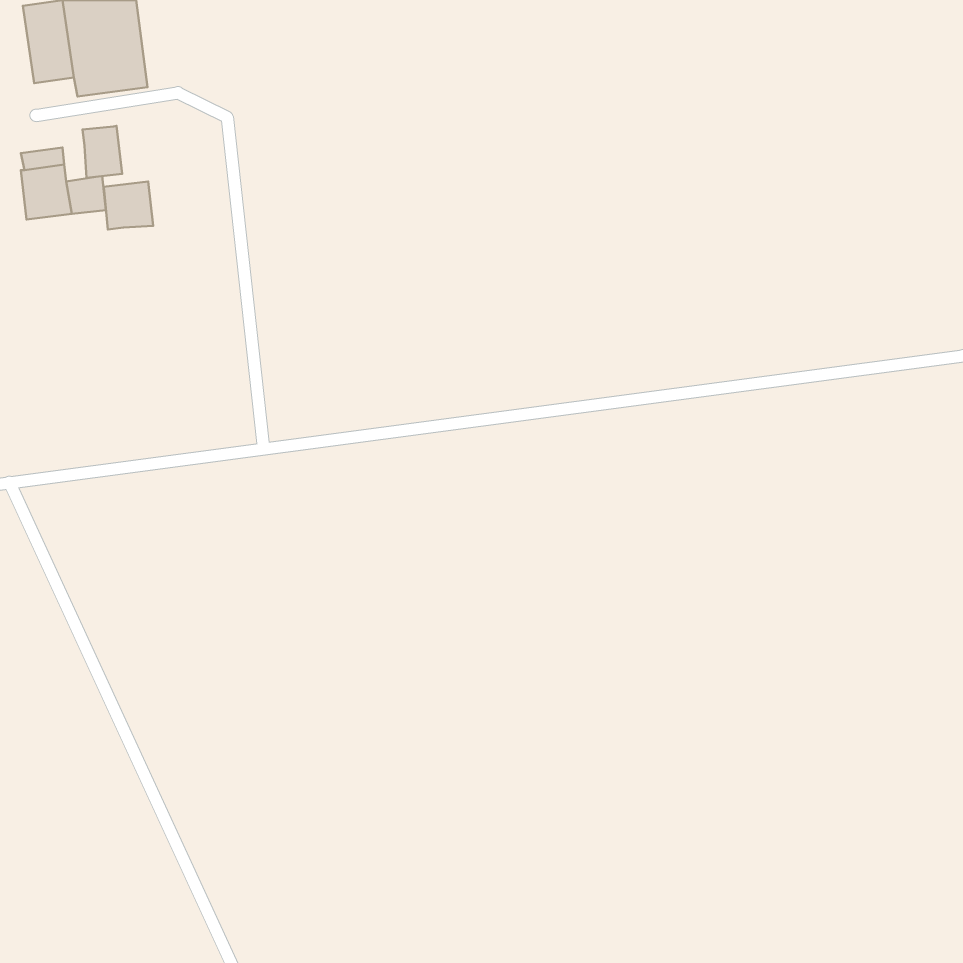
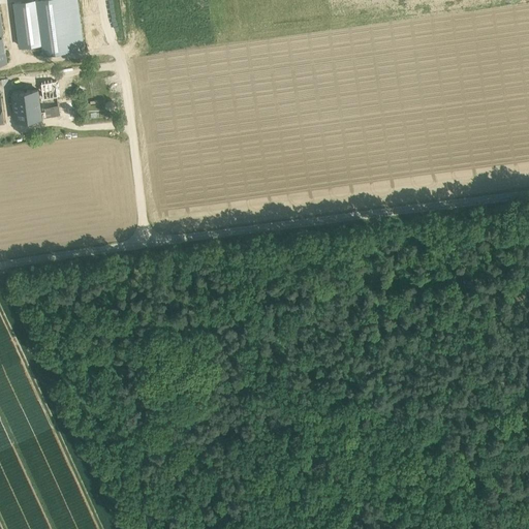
building: [82,126,122,178] -> none
building: [103,181,153,230] -> none

